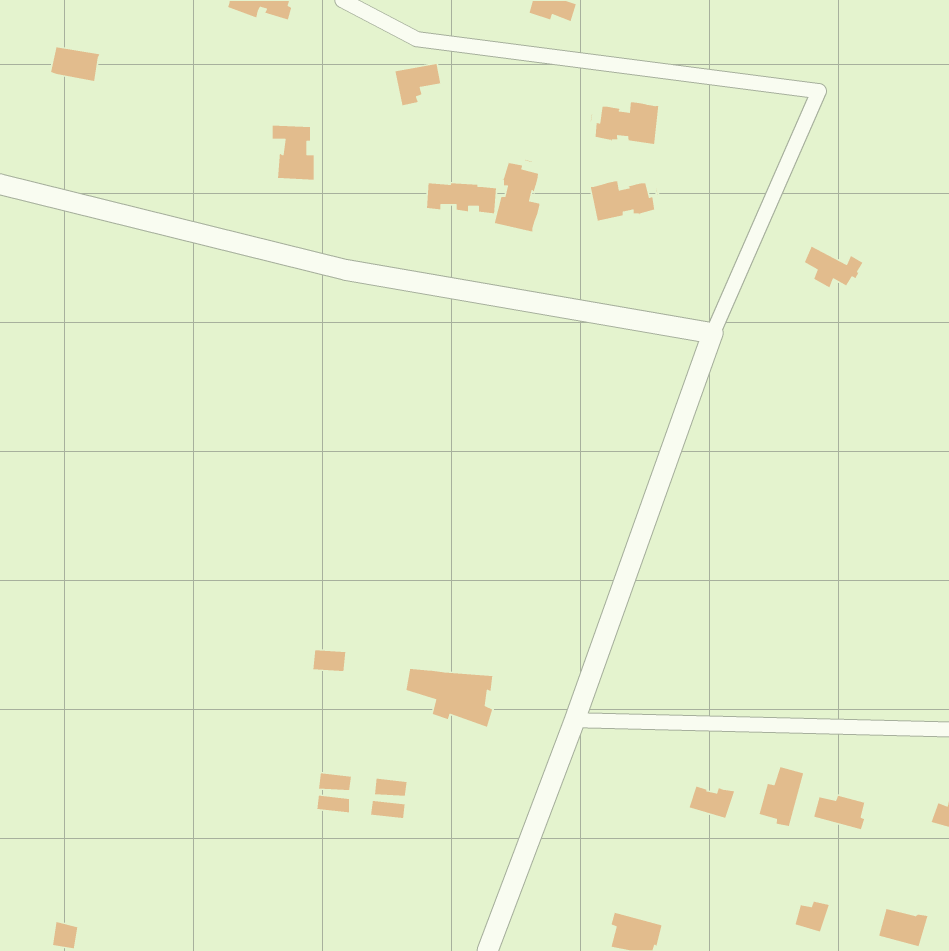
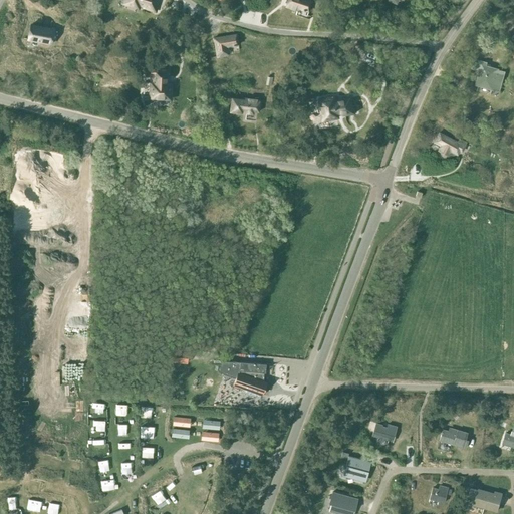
building: [589,101,659,147] -> none
building: none -> [474,60,505,89]
building: [494,157,540,233] -> none
building: [759,766,804,827] -> none
building: none -> [344,456,371,480]

